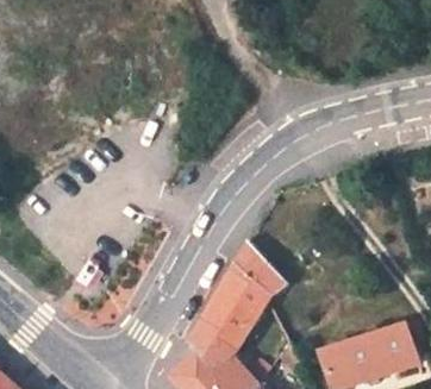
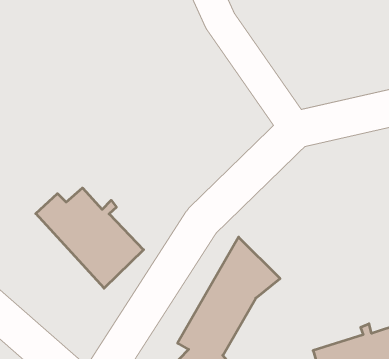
building: none -> [36,188,144,288]

